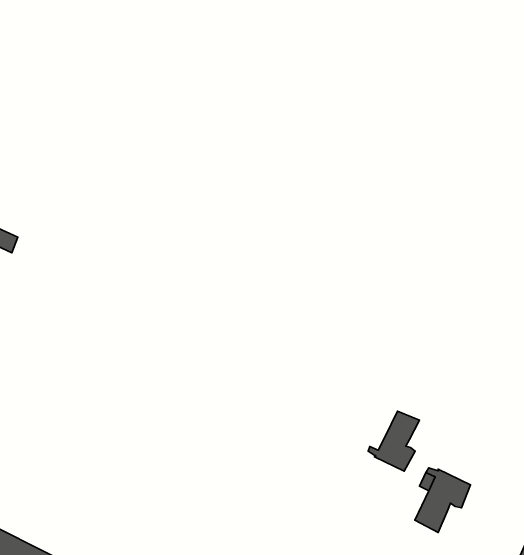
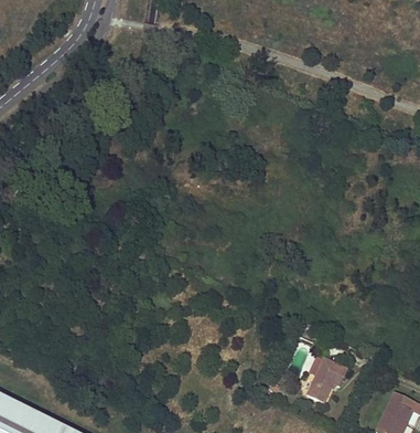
building: [368,411,420,471] -> none

